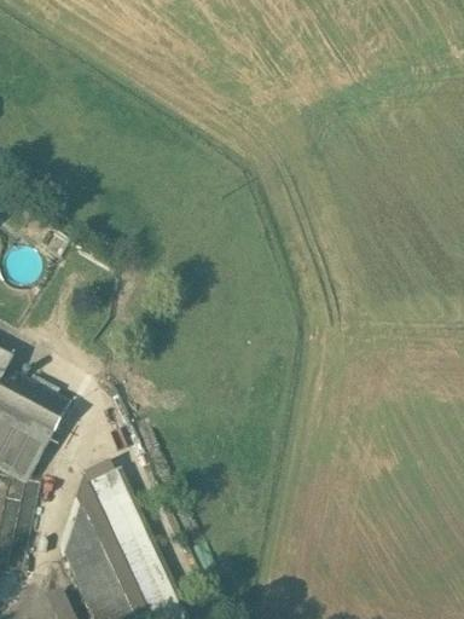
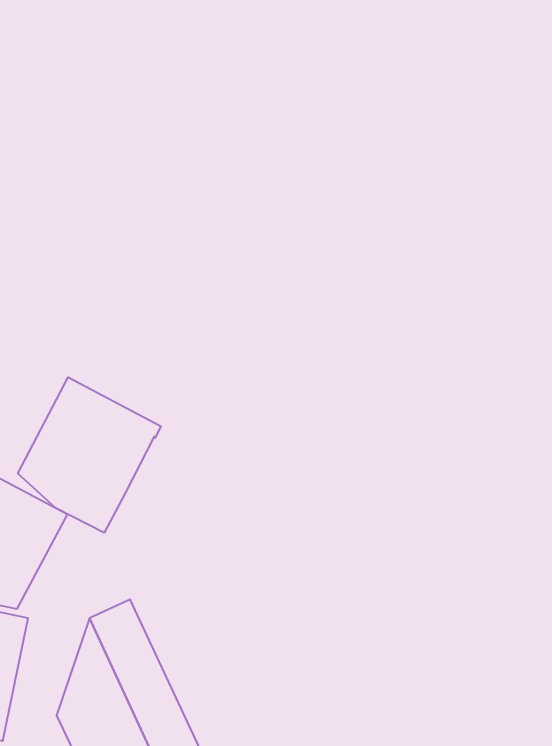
building: none -> [18,377,161,533]

